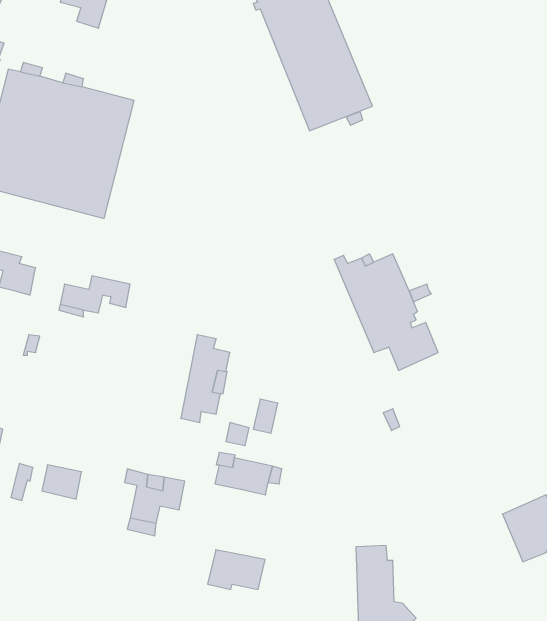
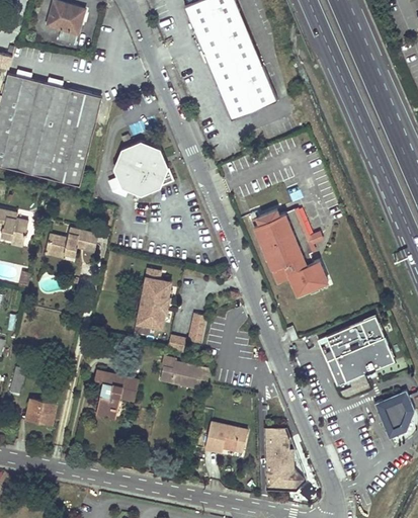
building: none -> [113,142,172,196]
building: none -> [316,316,394,385]
building: [42,465,82,499] -> [25,400,55,425]
building: [208,550,265,589] -> [203,423,246,452]

